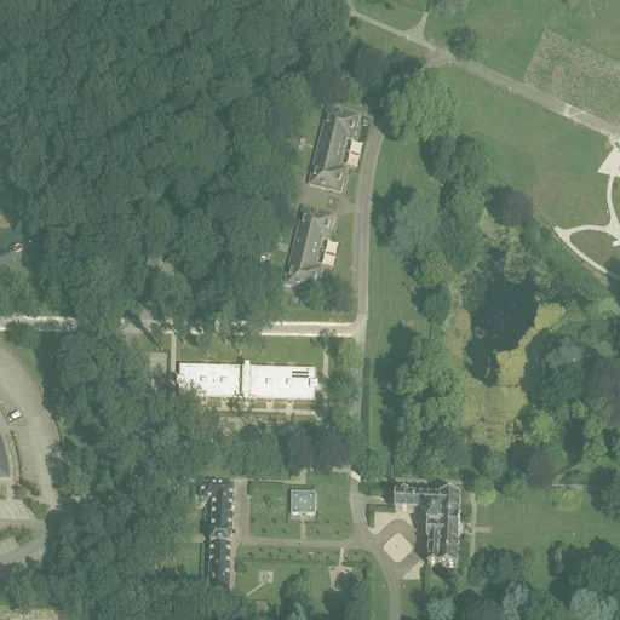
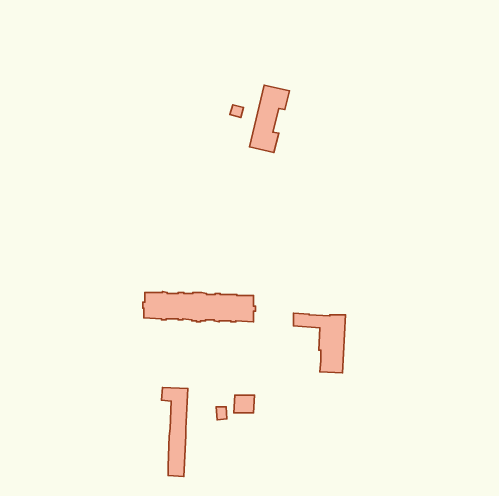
building: [285,205,334,288] -> none
building: [395,490,459,564] -> [294,313,345,373]

